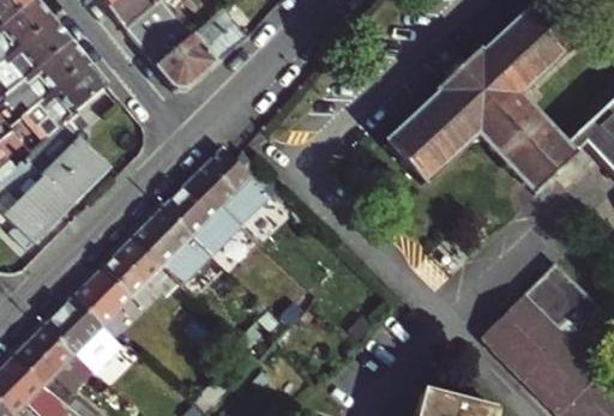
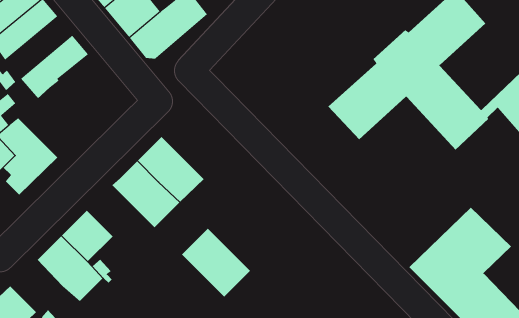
building: [10,37,89,110] -> none
building: [25,121,108,203] -> none
building: [193,146,275,228] -> [181,228,251,297]
building: [106,235,165,295] -> none
building: [16,322,77,384] -> none

